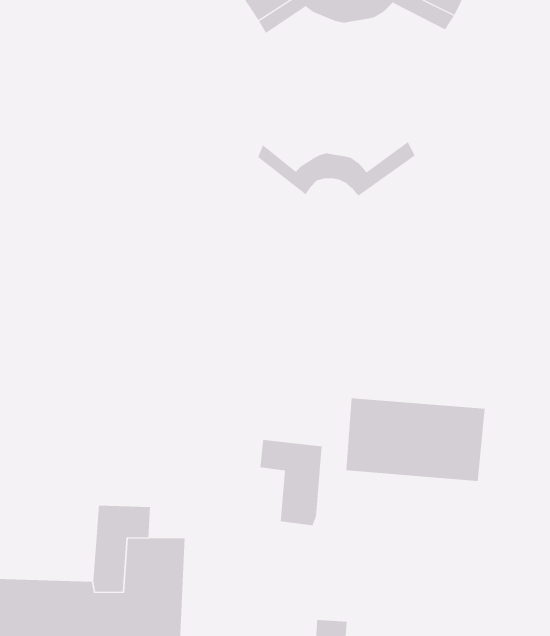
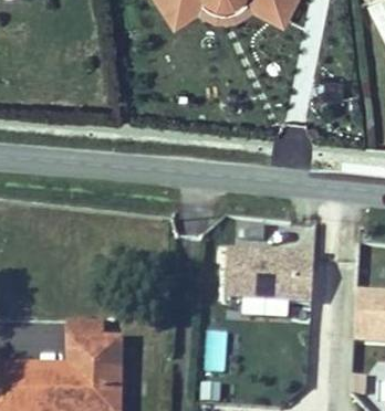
building: [257,141,416,196] -> none
building: [260,439,322,526] -> none

